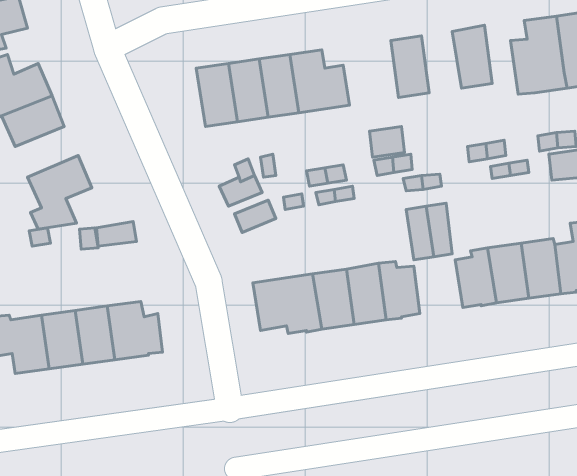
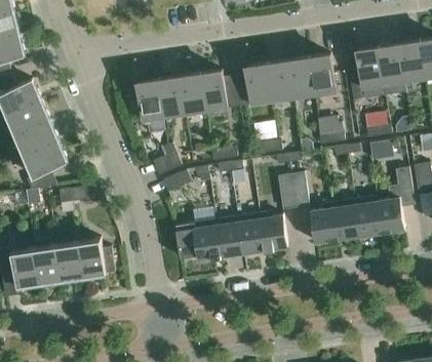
building: none -> [288,58,315,99]
building: none -> [236,65,273,108]
building: none -> [16,122,58,156]

